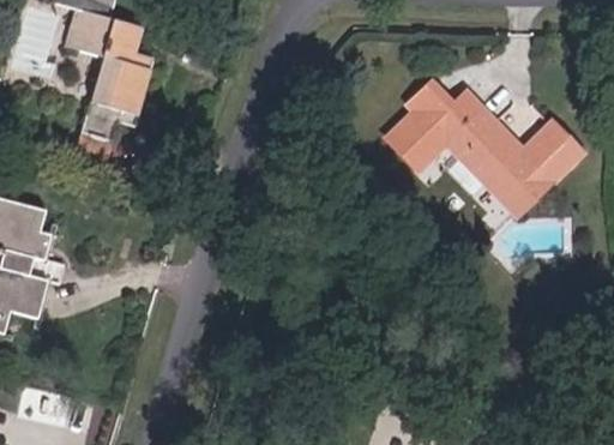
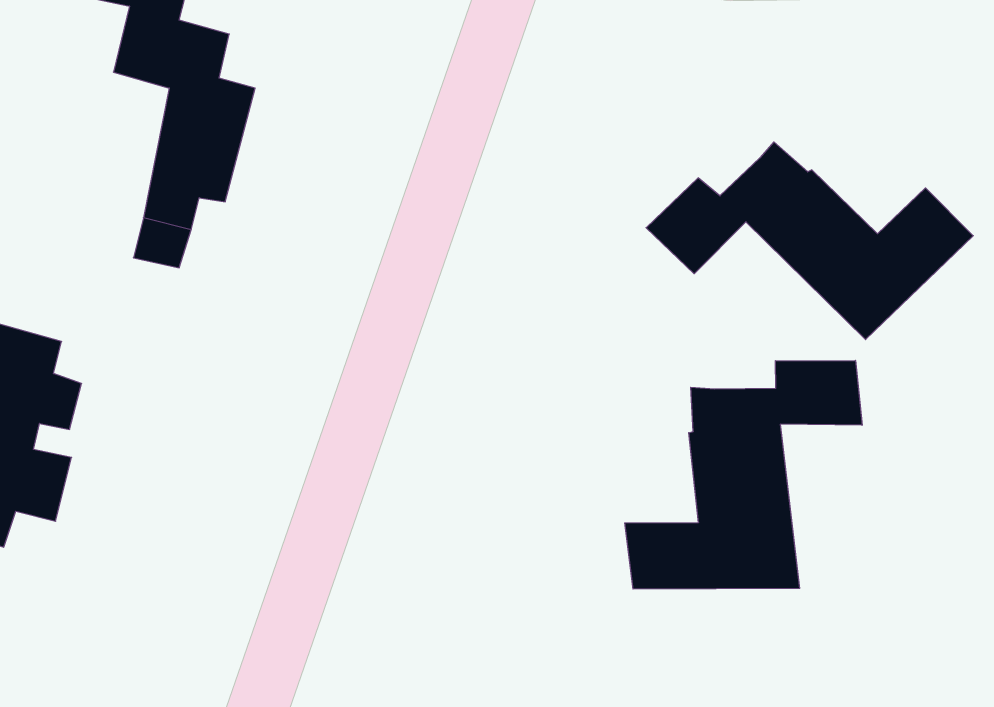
building: [409,77,457,122] -> none
building: none -> [625,360,862,589]

